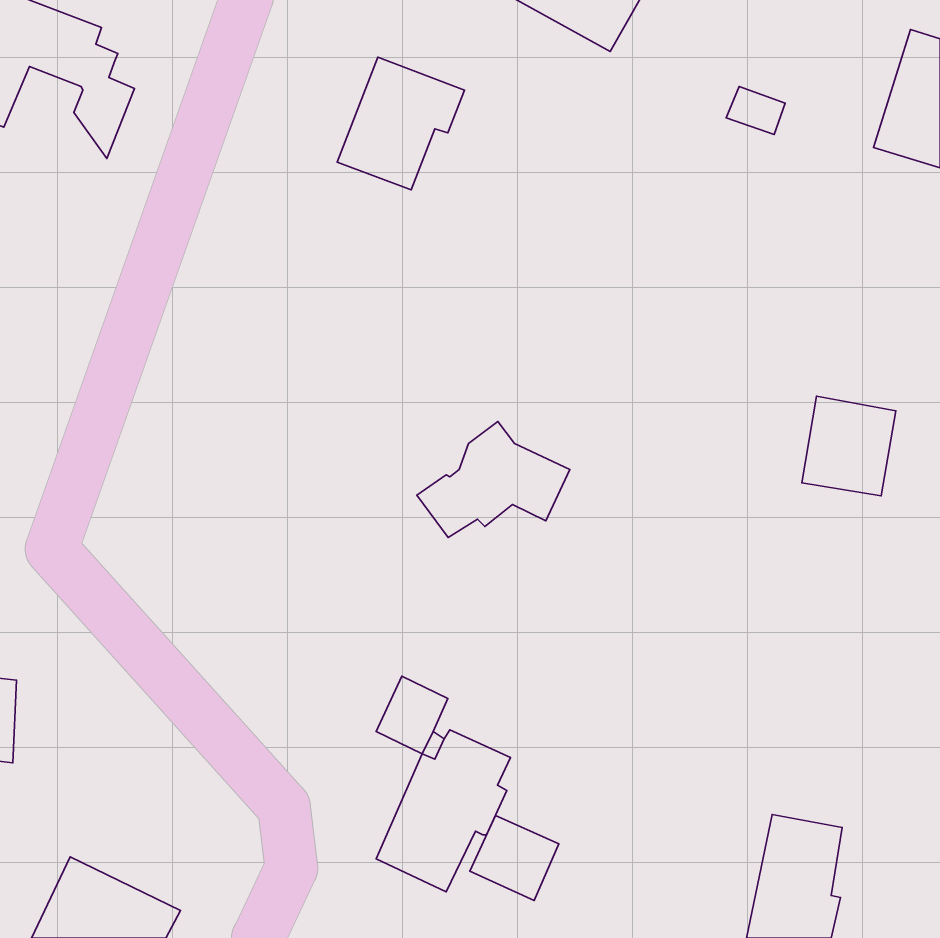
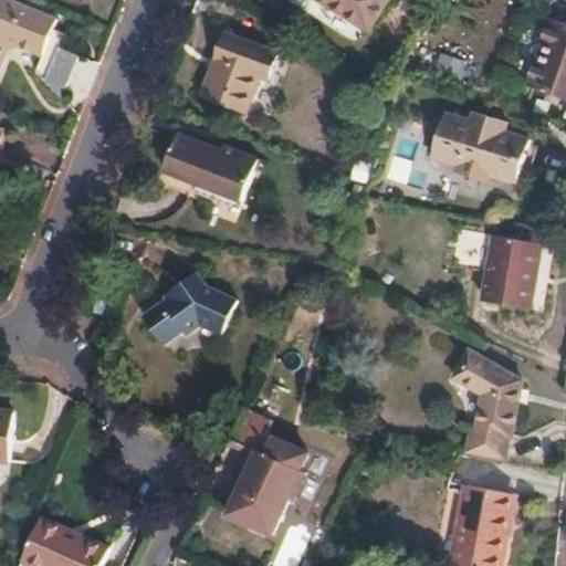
building: none -> [432,112,527,180]
building: none -> [165,136,259,208]
building: [417,421,570,538] -> [143,272,234,342]
building: none -> [451,350,518,457]
building: [470,815,559,900] -> none

